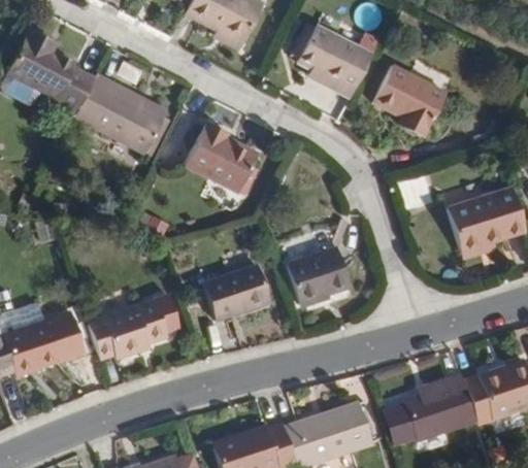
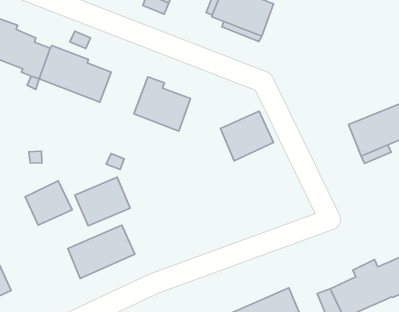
building: [372,62,448,135] -> none
building: [288,240,351,298] -> [221,111,274,161]
building: [204,267,270,323] -> [75,177,130,226]
building: [23,310,78,362] -> [25,181,72,225]

